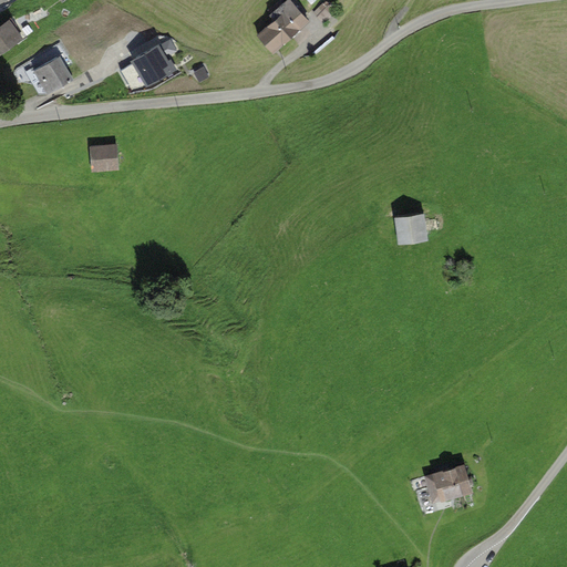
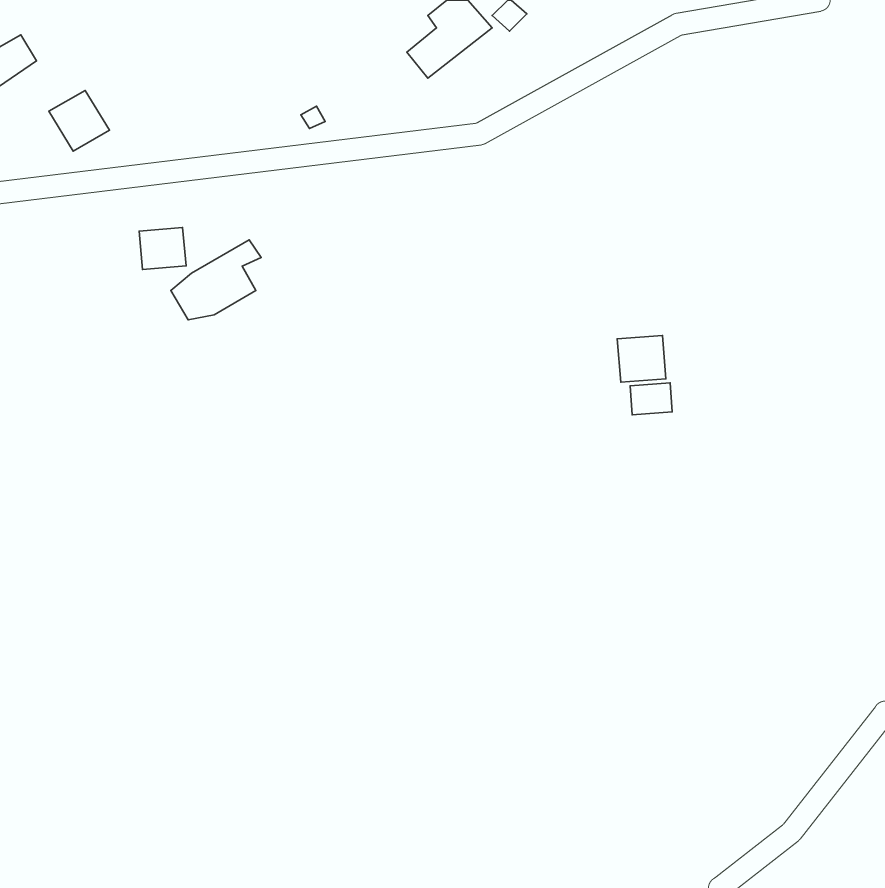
building: [118,39,176,90] -> [171,240,261,320]
building: none -> [630,383,672,415]
building: [422,464,472,502] -> none

